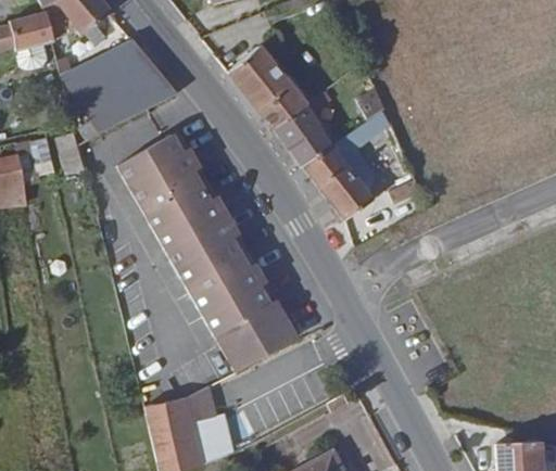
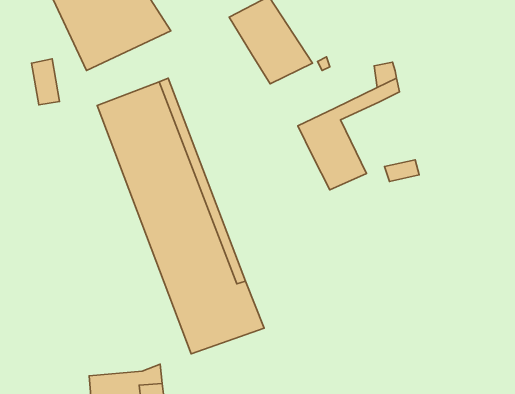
building: [273,100,334,158] -> none

